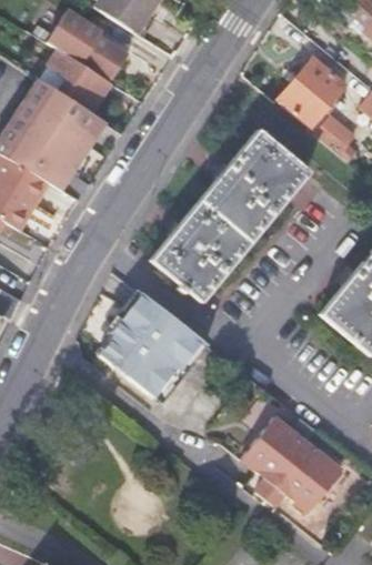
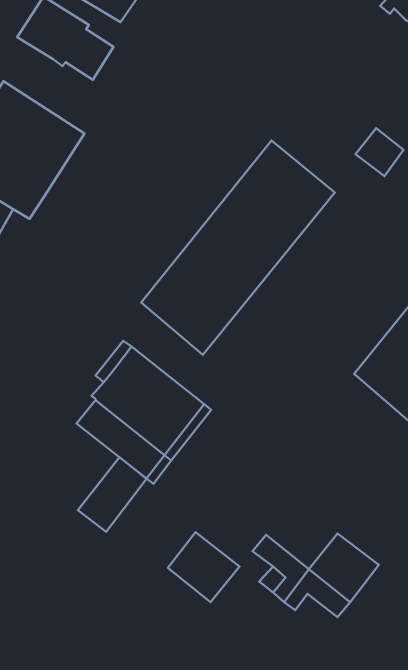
building: [277,58,344,128] -> none
building: [62,62,111,110] -> none
building: none -> [78,457,147,532]
building: [252,417,310,474] -> [168,532,239,602]

